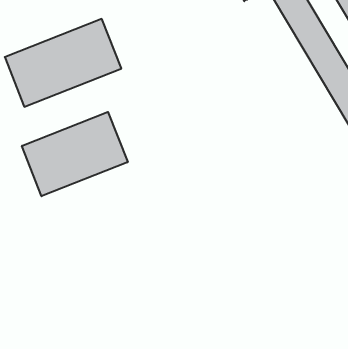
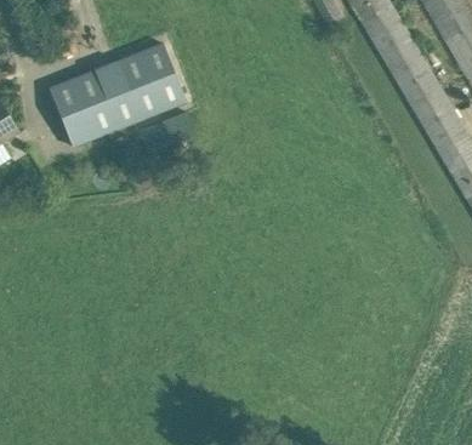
building: [22,112,128,196] -> none

